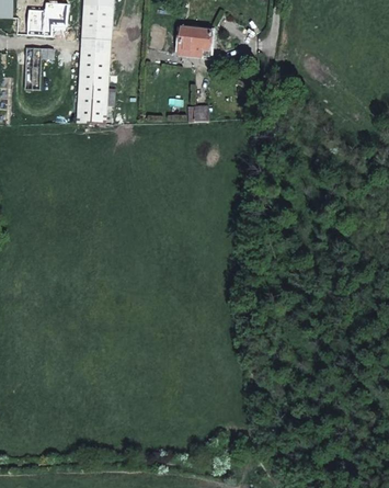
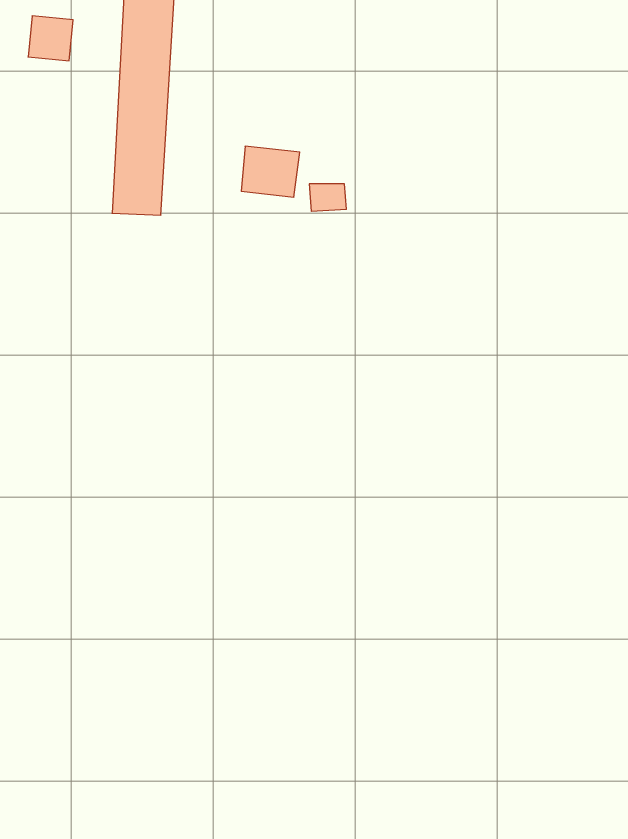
building: [179,27,211,56] -> [241,146,300,197]
building: [24,47,54,89] -> none

